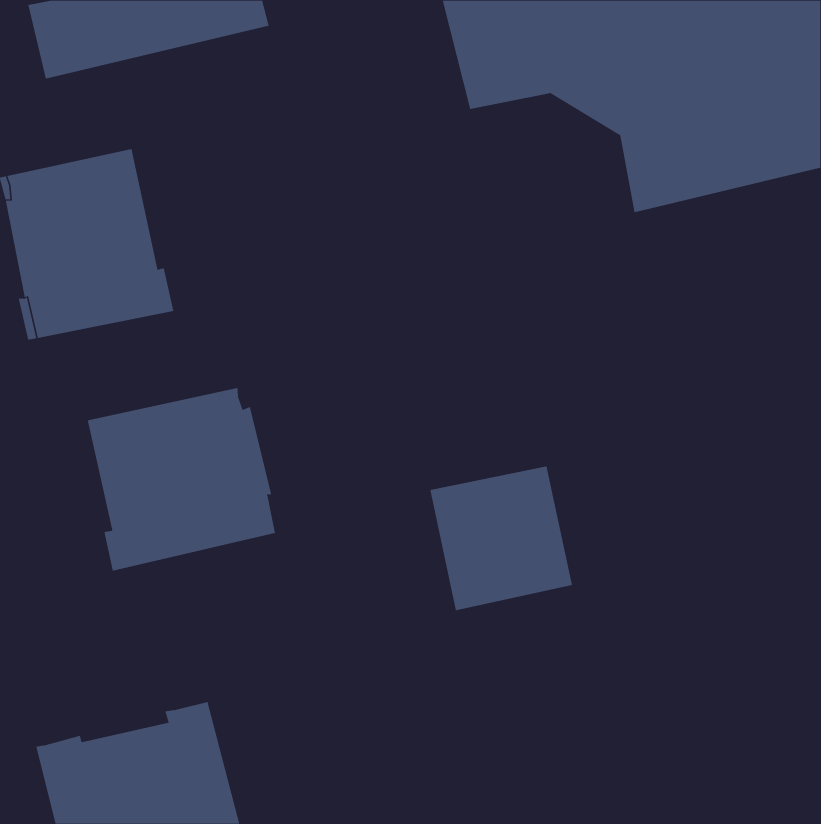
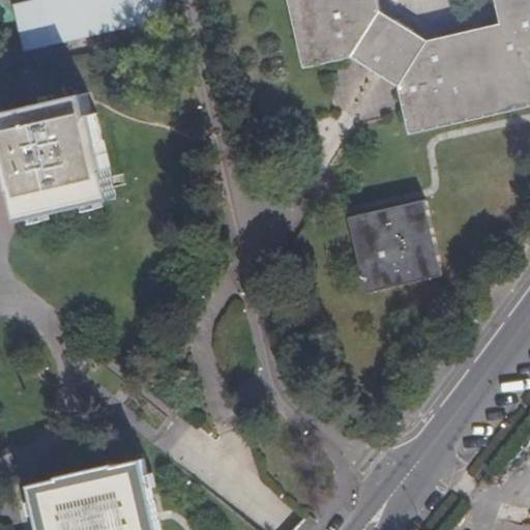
building: [87,387,275,571] -> none
building: [429,466,573,611] -> [348,199,440,292]

